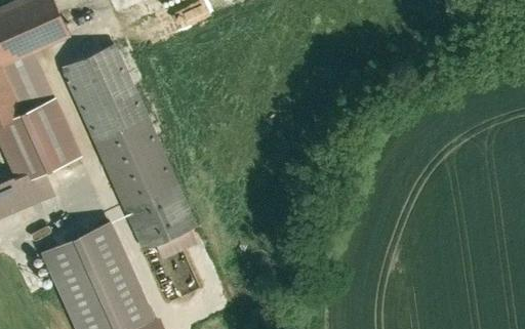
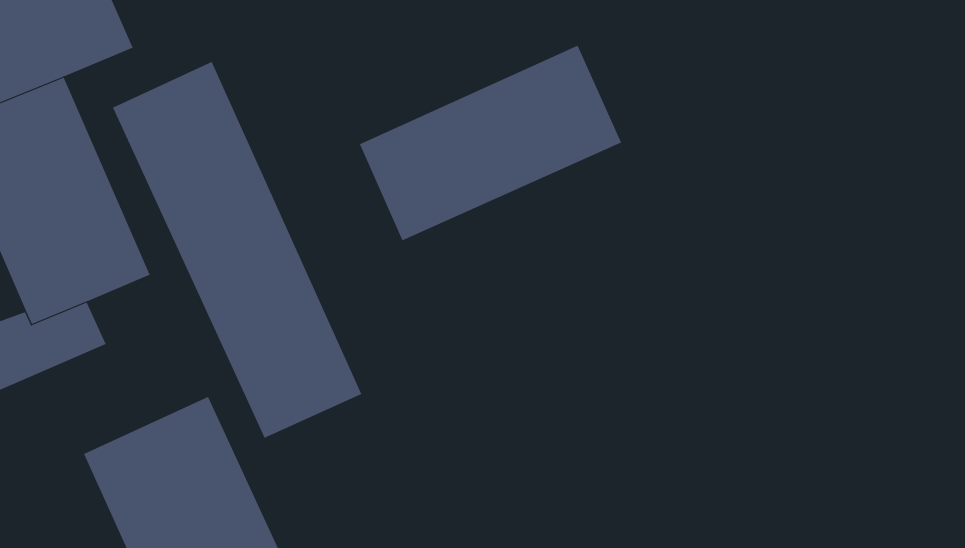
building: none -> [359,45,622,241]

